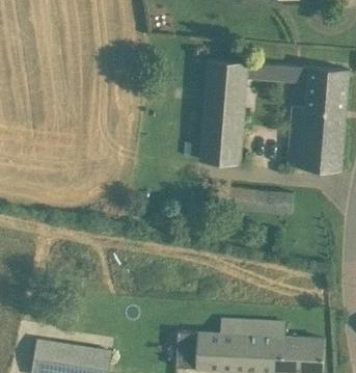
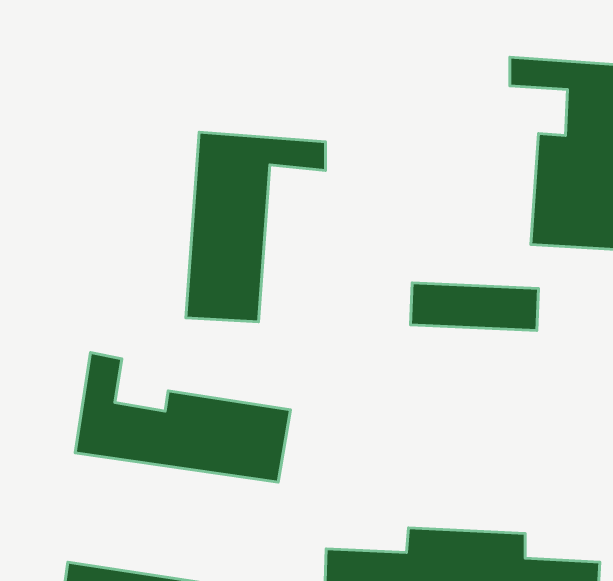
building: [201,59,277,162] -> [186,132,326,322]
building: none -> [75,353,291,482]

